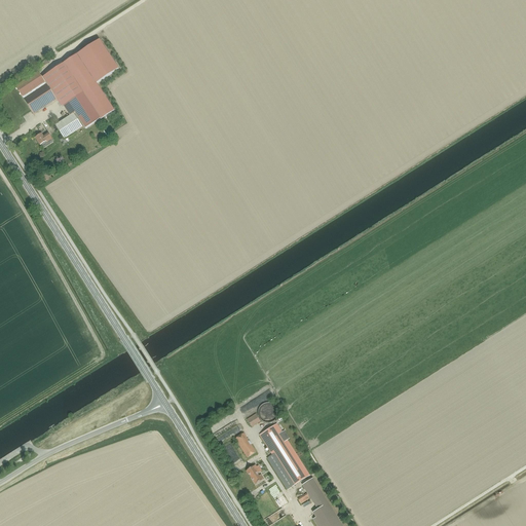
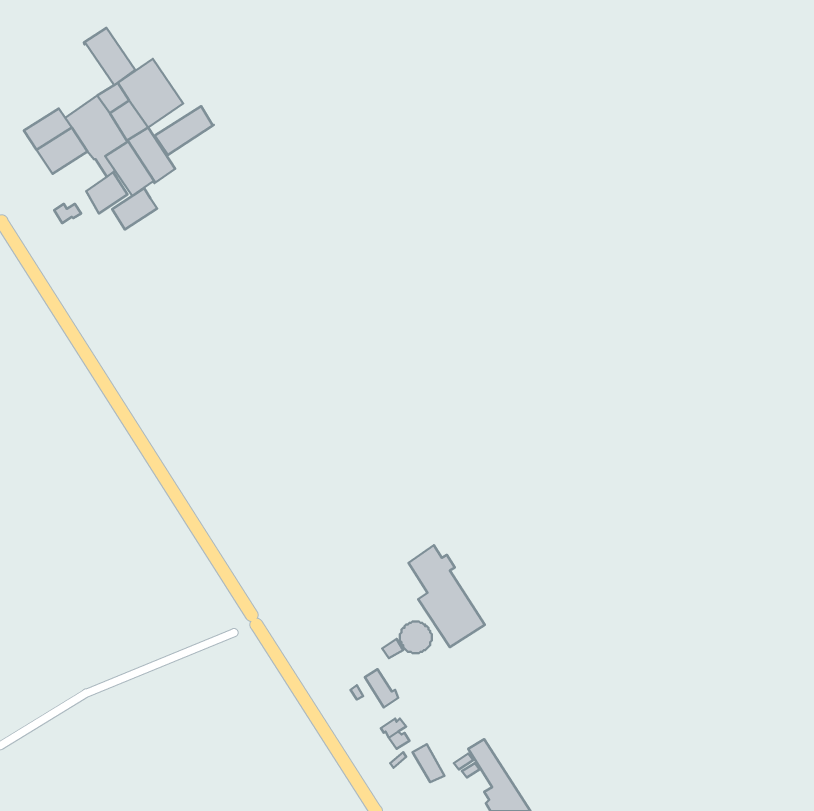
building: none -> [84,28,135,85]
building: none -> [155,106,214,156]
building: none -> [112,188,157,230]
building: [260,422,309,488] -> [408,545,485,647]

